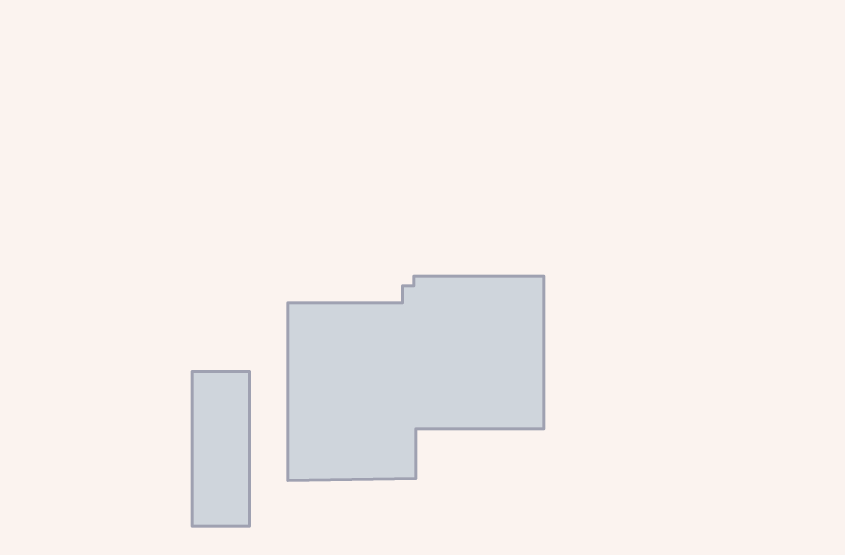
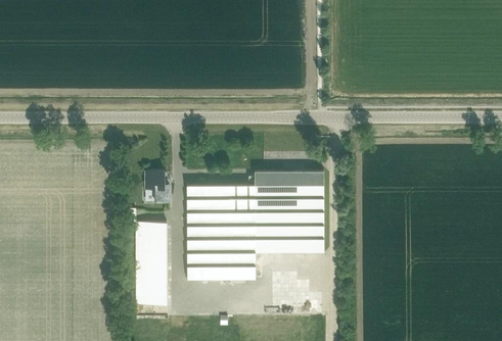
building: none -> [145,170,169,201]

